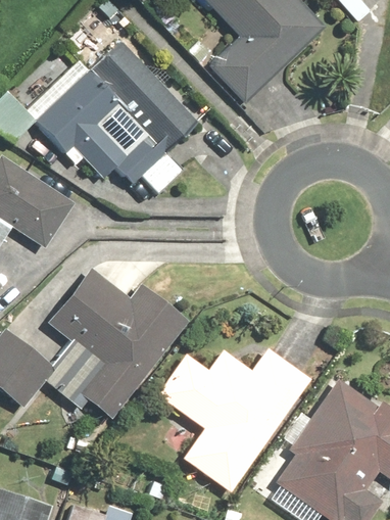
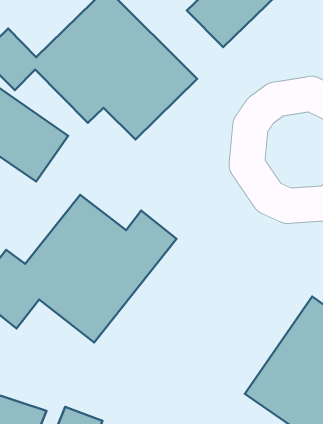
building: [156,344,313,494] -> none

